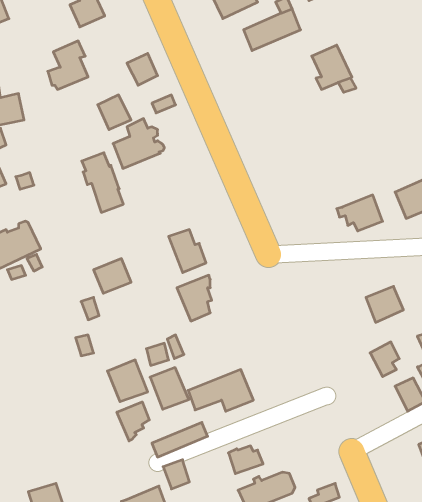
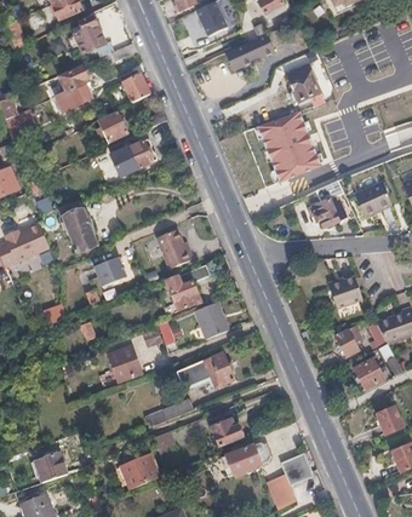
building: none -> [252,111,319,184]
building: [82,153,123,212] -> [59,197,96,249]
building: [150,368,189,409] -> [195,299,229,335]
building: [117,402,149,441] -> none

